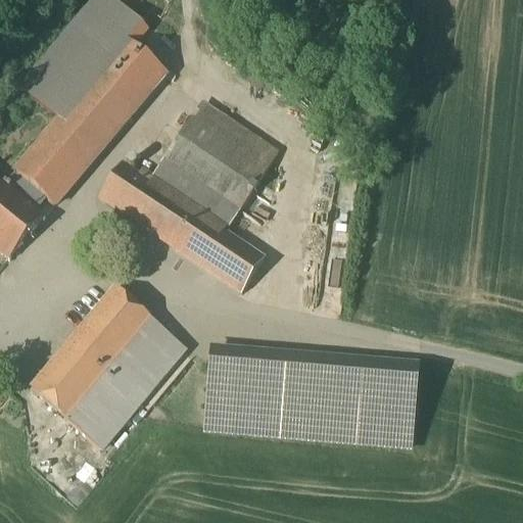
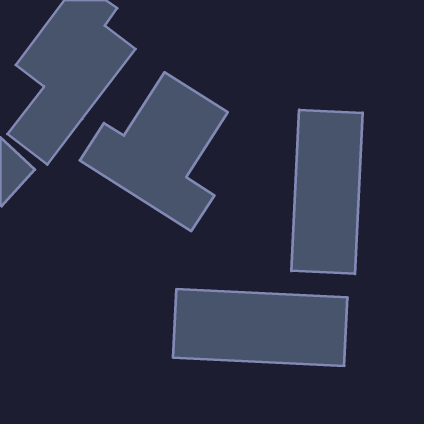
building: none -> [291,110,363,274]
building: [30,287,197,458] -> none

